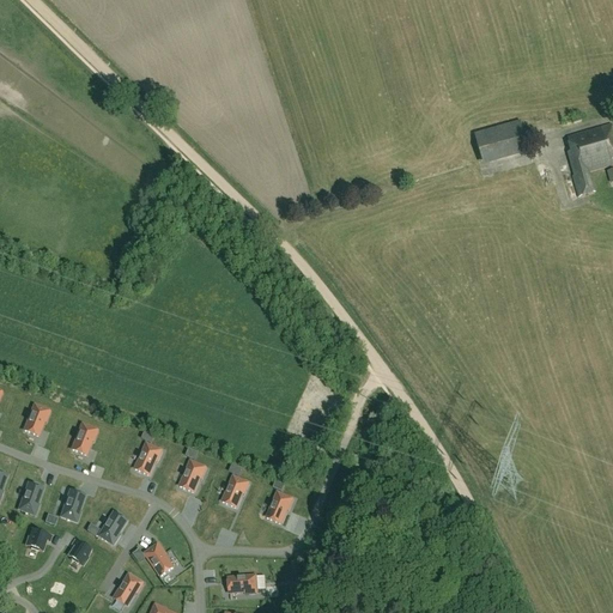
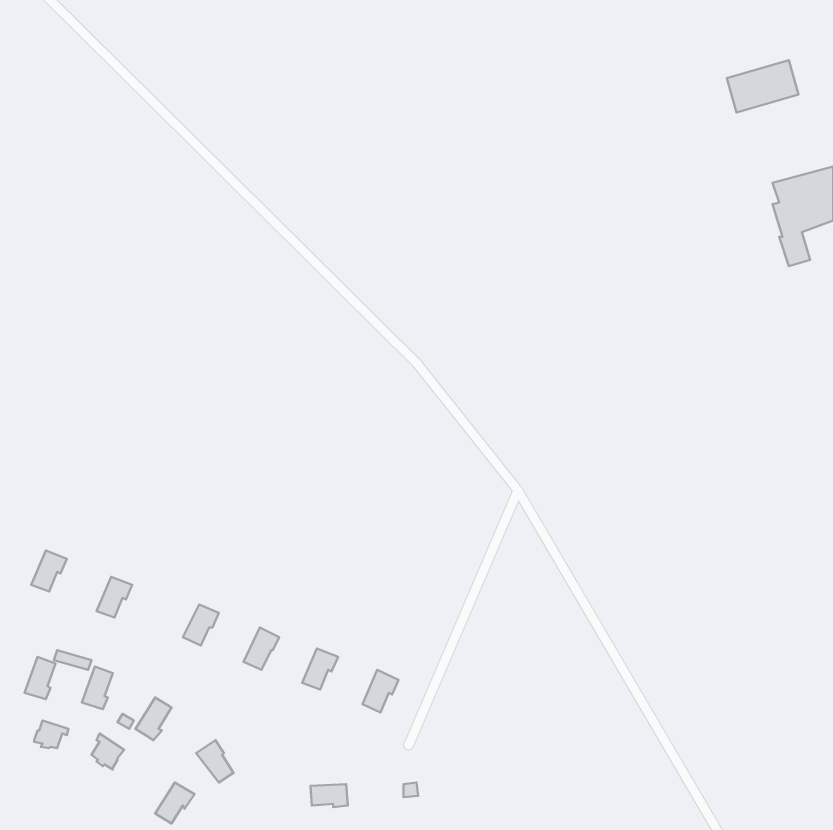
building: [474,119,527,157] -> [727,60,799,112]

